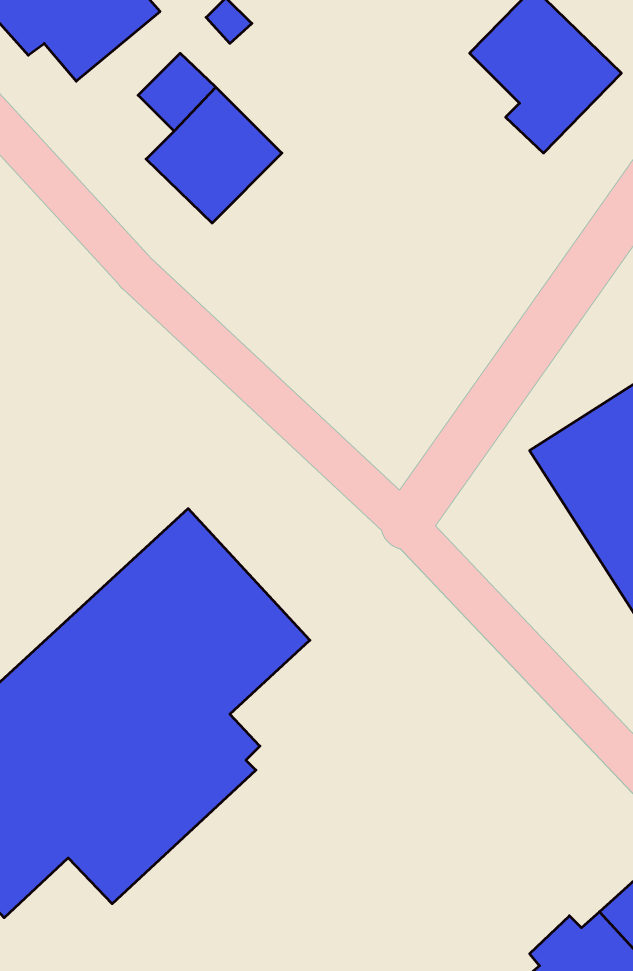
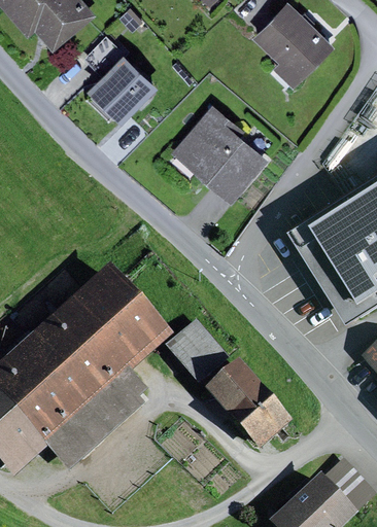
building: none -> [171,99,268,199]
building: none -> [166,318,232,384]
building: none -> [208,362,294,451]

